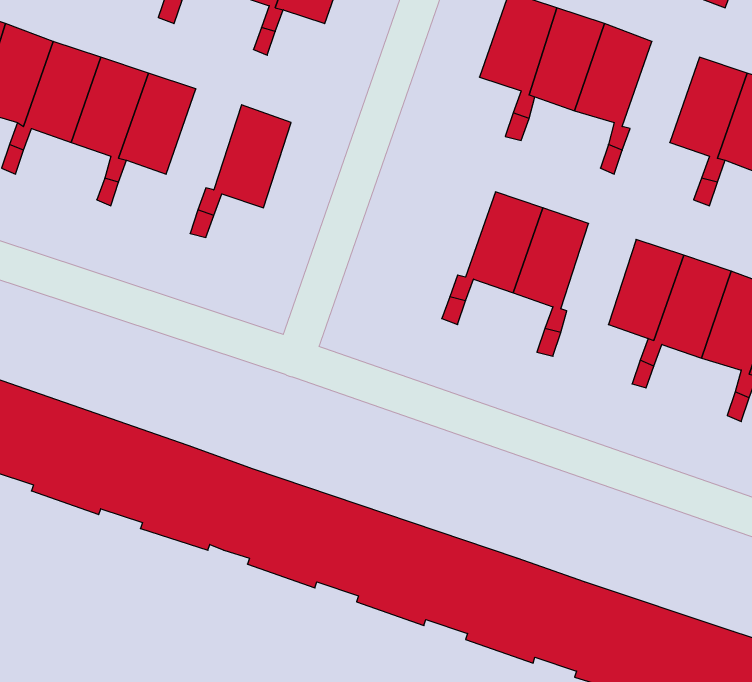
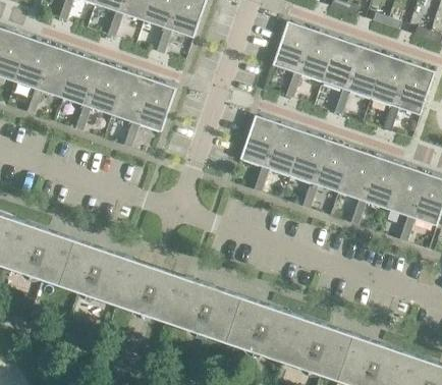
building: none -> [345,47,385,99]
building: none -> [111,71,150,123]
building: none -> [239,115,280,168]
building: none -> [314,141,352,193]

